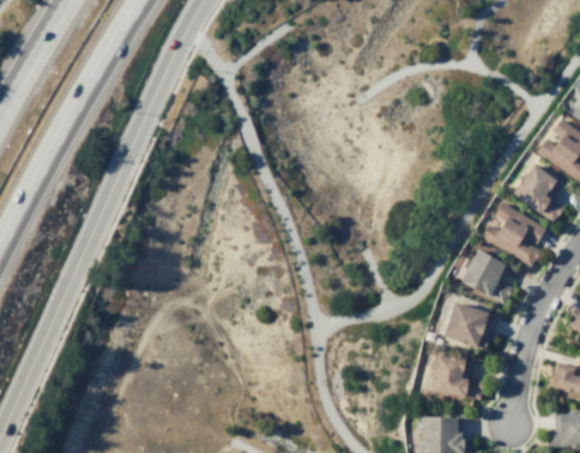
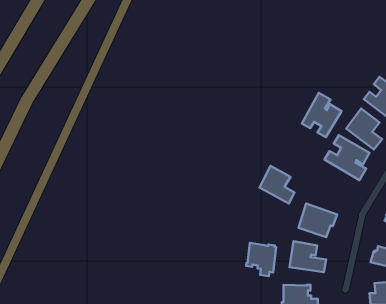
building: none -> [302,93,341,137]
building: [461,249,512,303] -> [259,166,295,203]
building: none -> [246,243,276,276]

